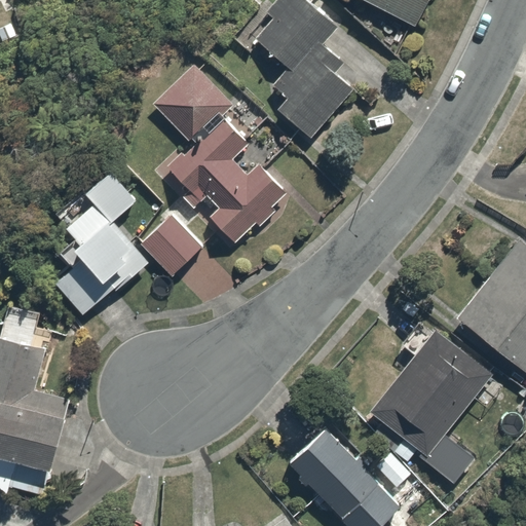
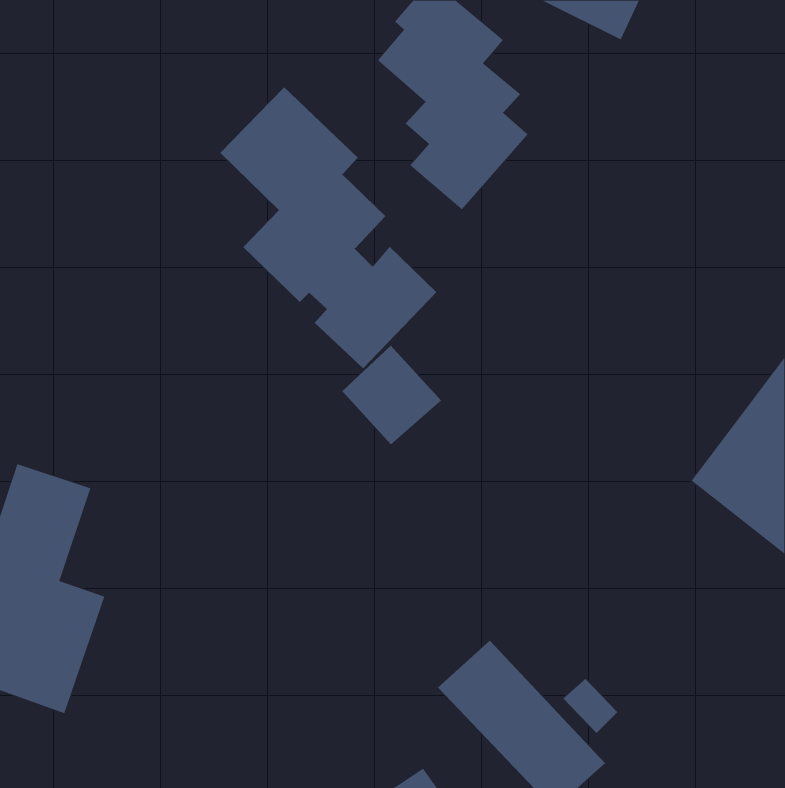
building: [46,164,147,317] -> none
building: [138,210,204,276] -> [341,345,442,445]
building: [367,326,496,482] -> none

